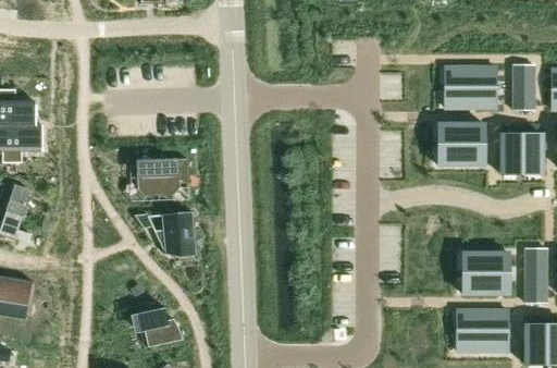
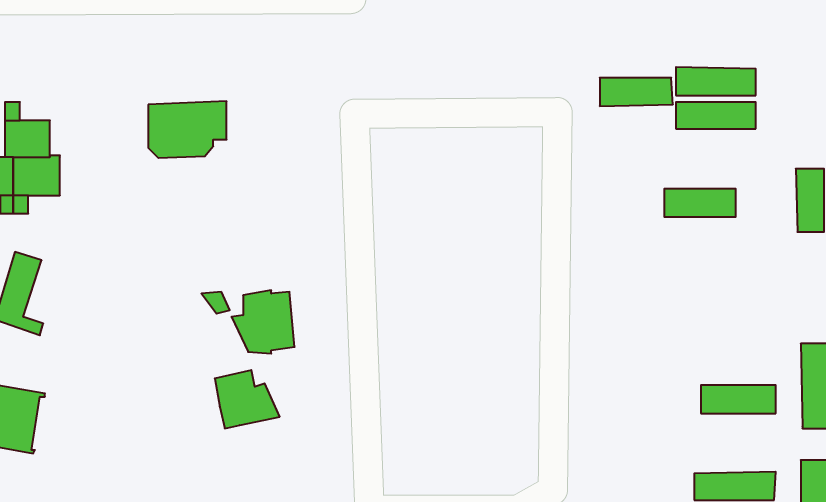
building: [512,63,533,110] -> none
building: [436,124,484,143] -> [600,78,673,106]
building: [502,133,519,174] -> none
building: [136,158,187,195] -> [148,101,227,158]
building: [461,253,509,271] -> none
building: [140,308,183,346] -> [215,370,280,428]
building: [456,310,508,328] -> none

